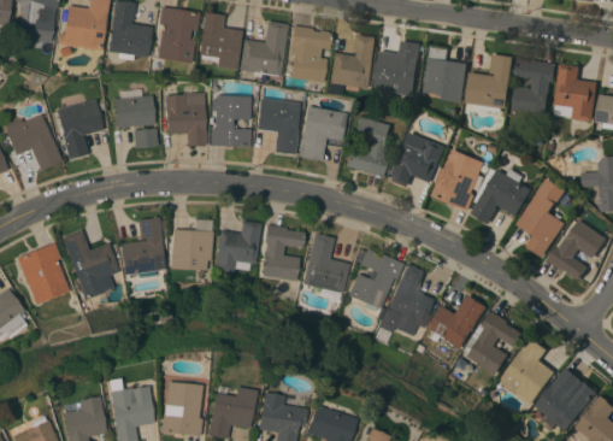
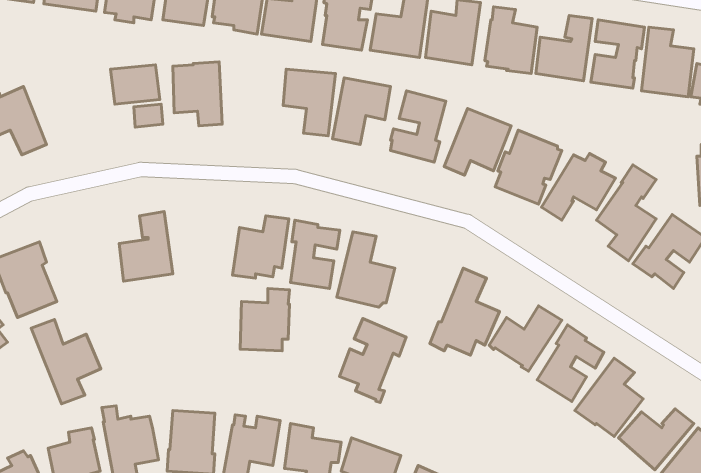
building: [210,95,250,147] -> none
building: [55,100,102,160] -> none
building: [171,218,212,270] -> [240,288,289,351]
building: [61,230,119,300] -> [31,320,101,404]
building: [347,248,402,318] -> [340,318,406,403]

